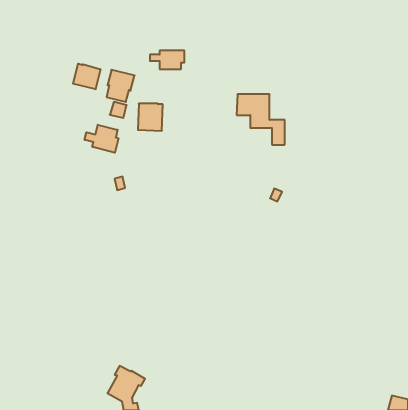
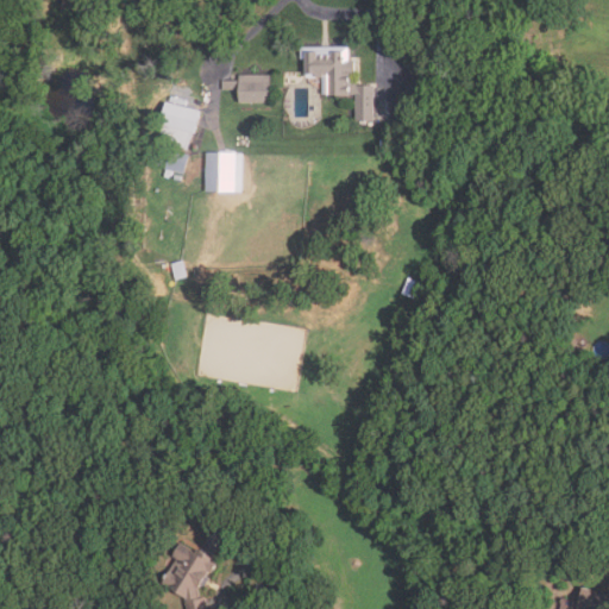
building: [73,64,101,89] -> none
building: [237,94,285,145] -> [301,46,372,121]
building: [85,125,119,153] -> none

